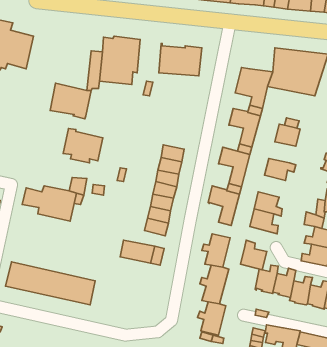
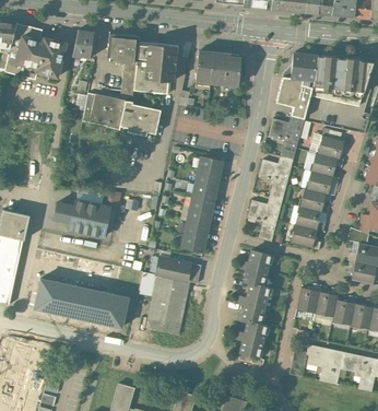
building: none -> [72,30,94,59]
building: none -> [107,34,139,62]
building: none -> [291,54,317,81]
building: [63,128,103,163] -> [119,101,161,137]
building: none -> [310,153,343,176]
building: none -> [299,189,332,212]
building: [241,240,267,270] -> none
building: none -> [138,280,193,344]

